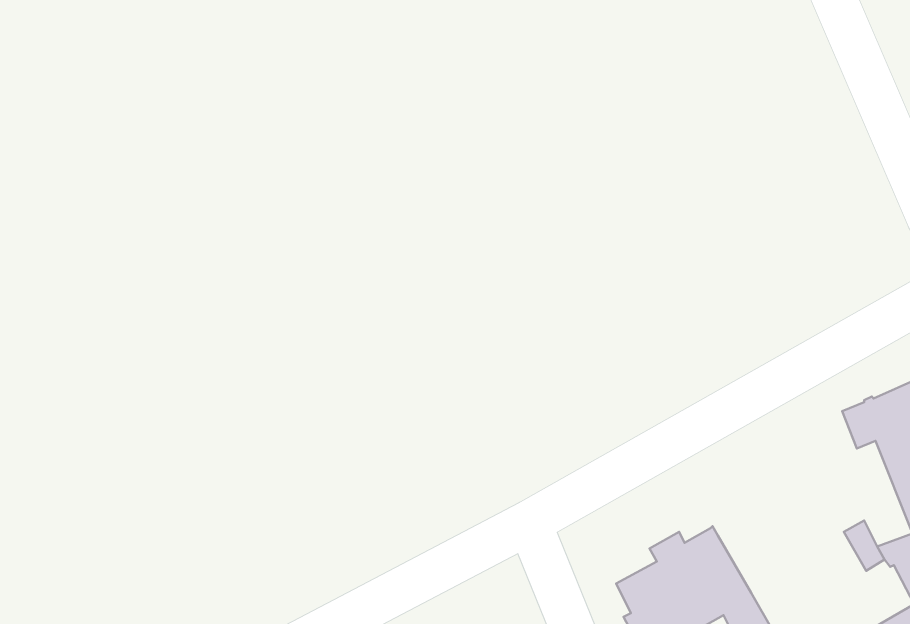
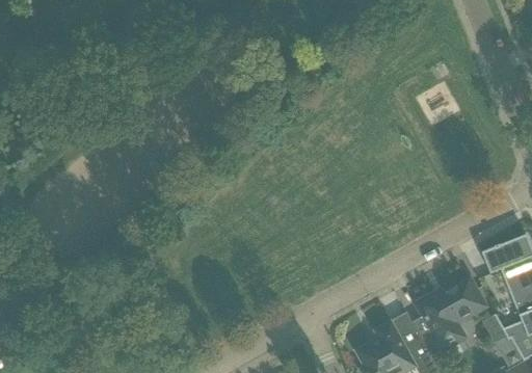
building: none -> [413,277,487,354]

